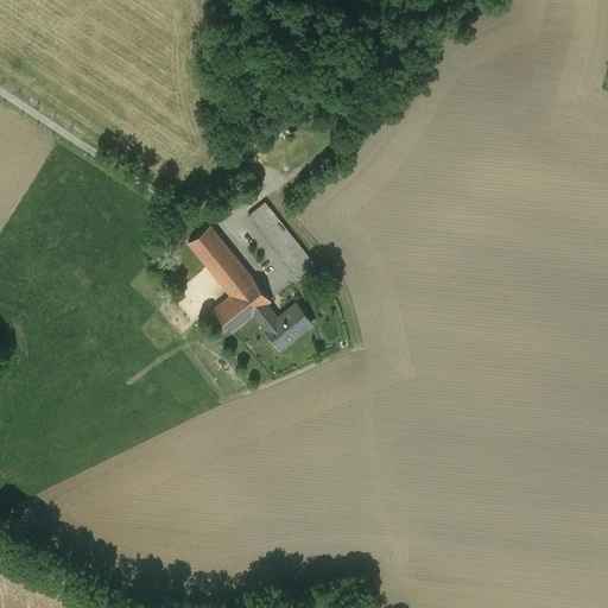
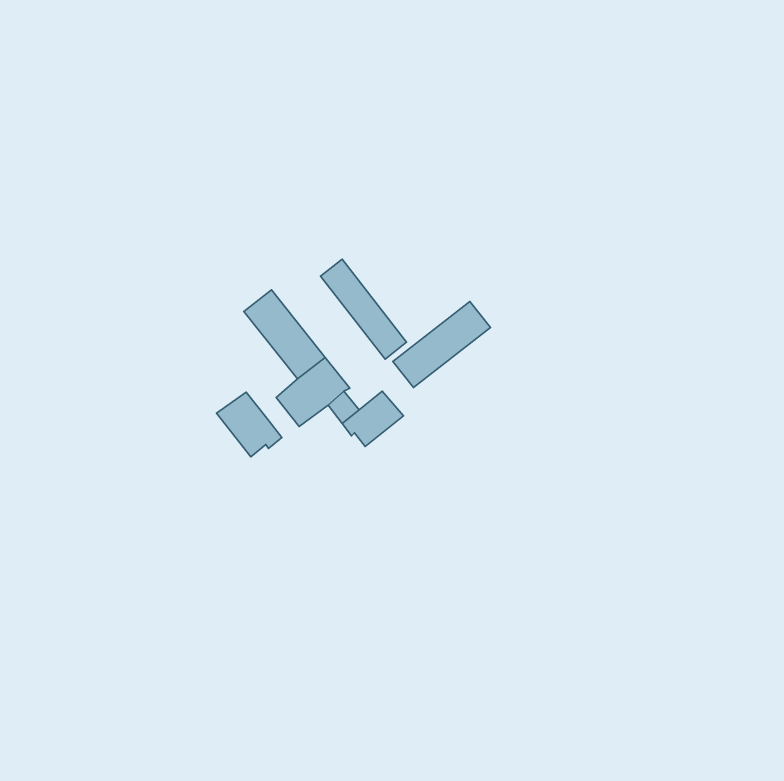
building: none -> [393,301,491,387]
building: none -> [217,392,282,457]

